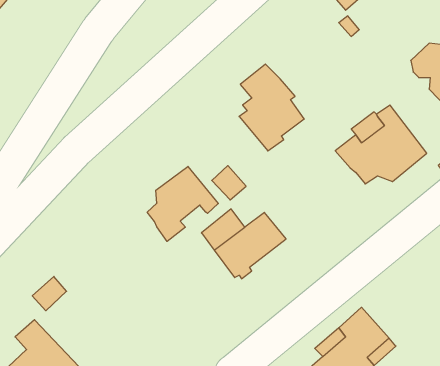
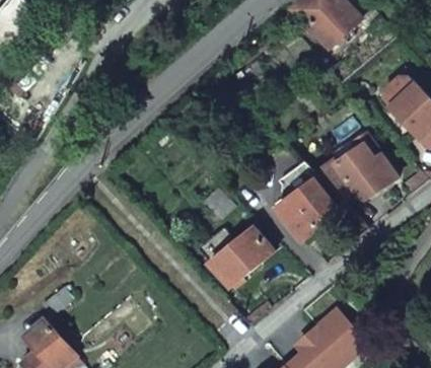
building: [239,64,304,151] -> [278,158,336,235]
building: [147,166,218,241] -> none

